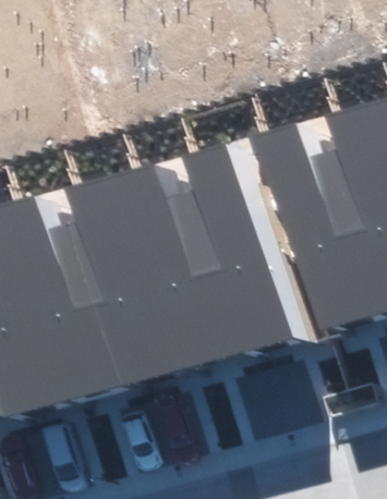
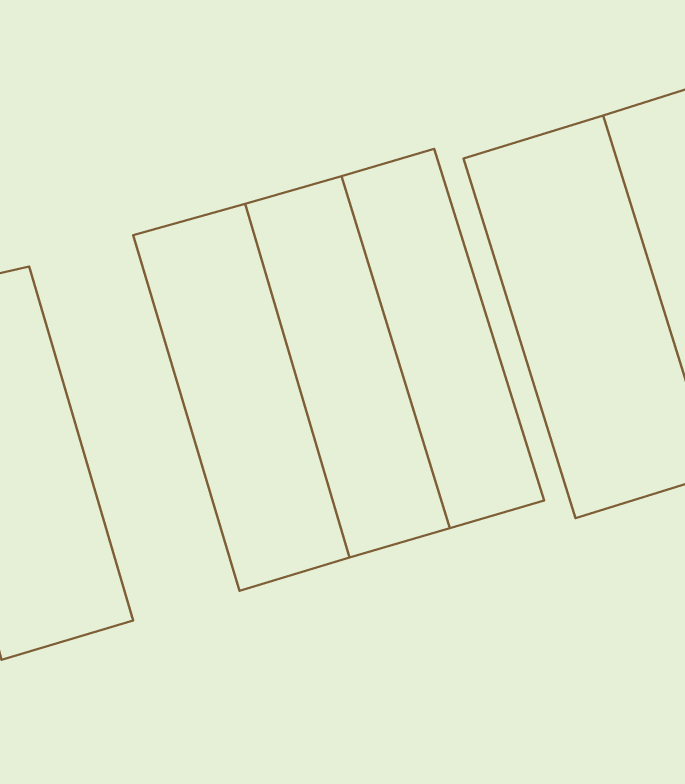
building: [17,181,134,394] -> none

